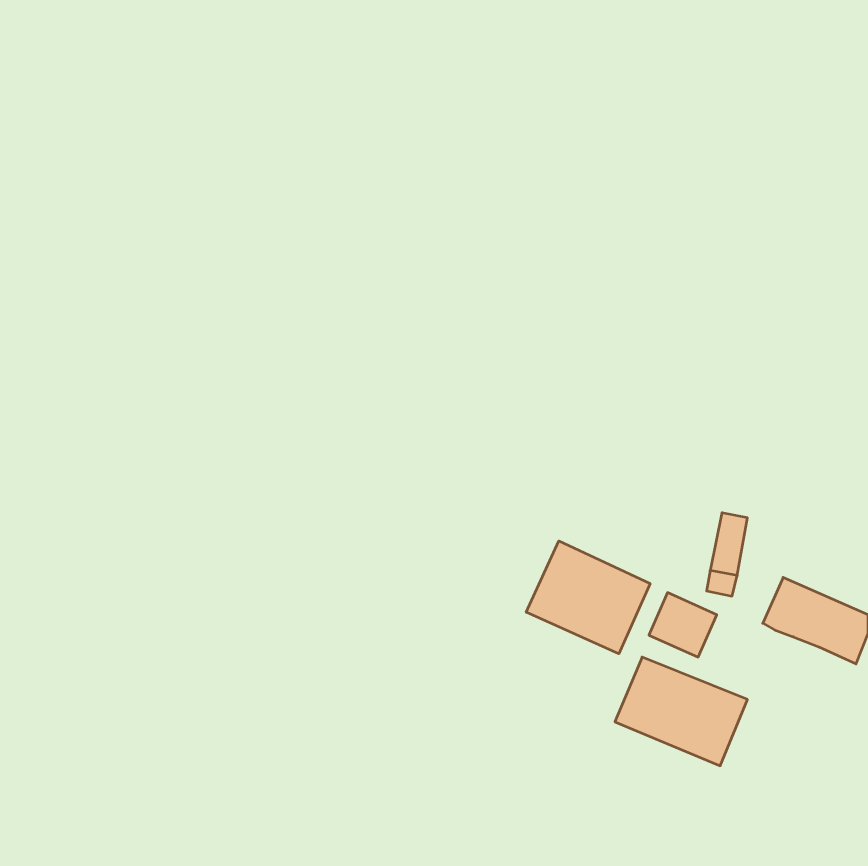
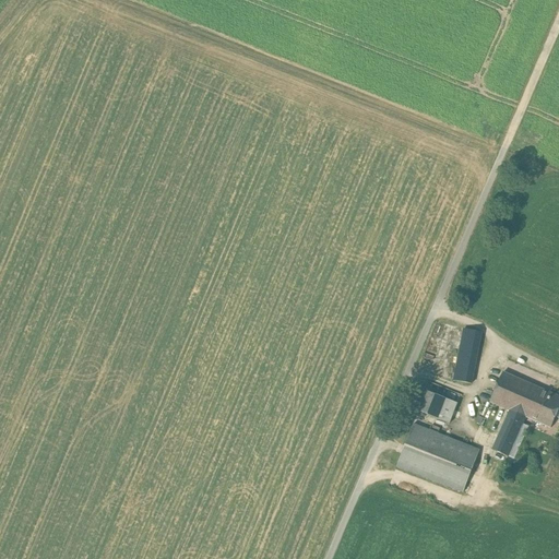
building: [526,541,650,654] -> none
building: none -> [492,409,526,455]

